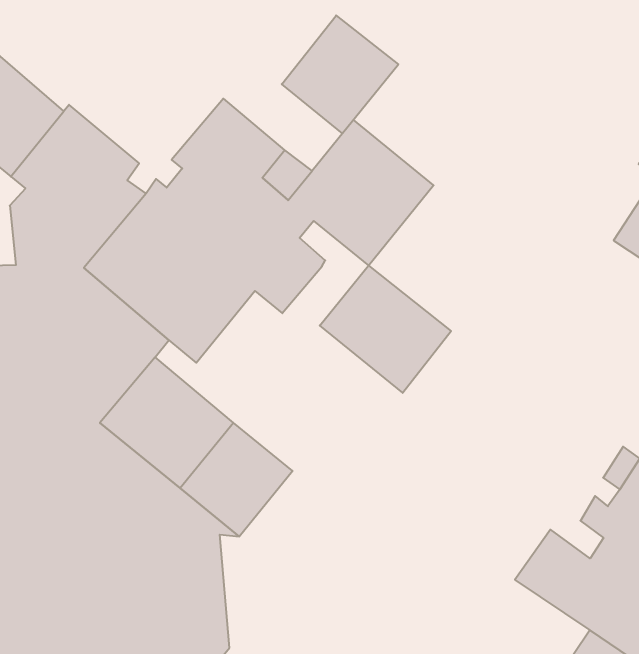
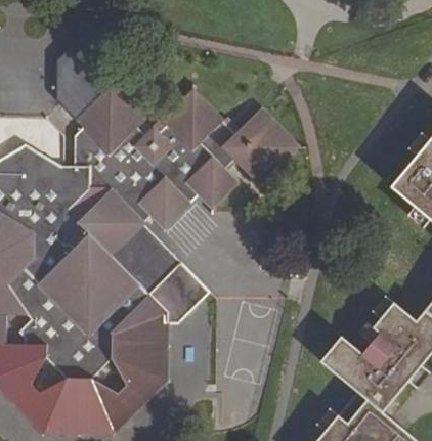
building: [282,15,398,133] -> none
building: [320,266,451,393] -> none

